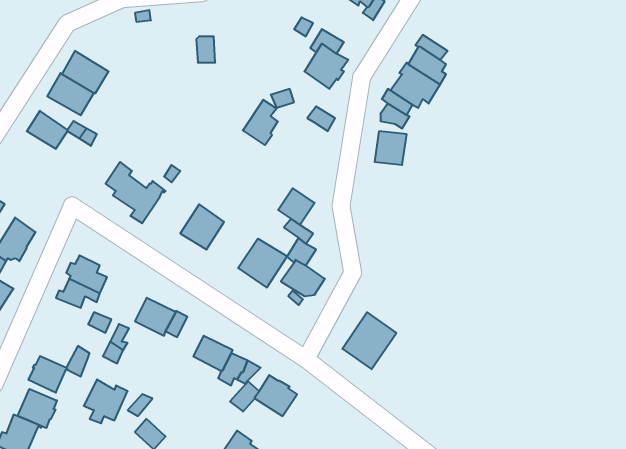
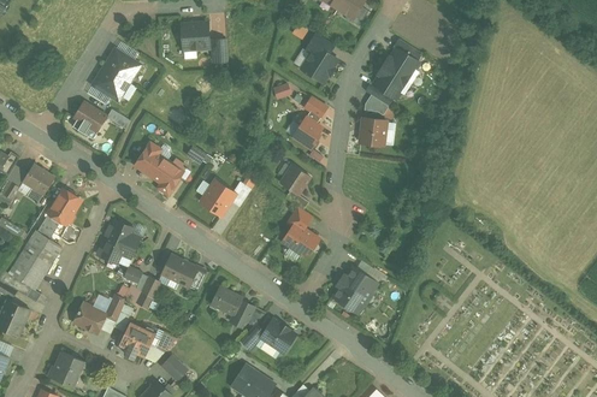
building: none -> [181,23,208,47]
building: [243,100,278,145] -> [292,109,321,147]
building: [238,239,287,288] -> none
building: [18,389,57,428] -> none

